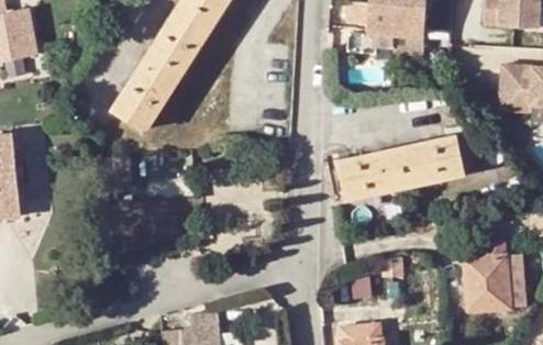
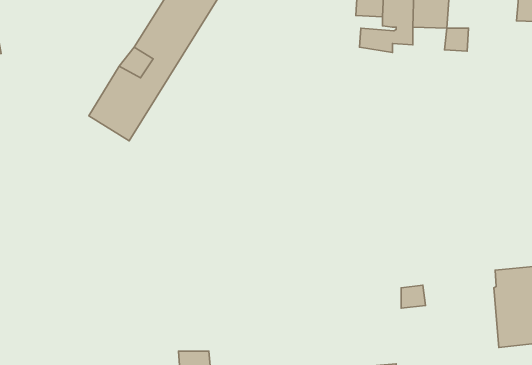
building: [337,132,464,199] -> none

